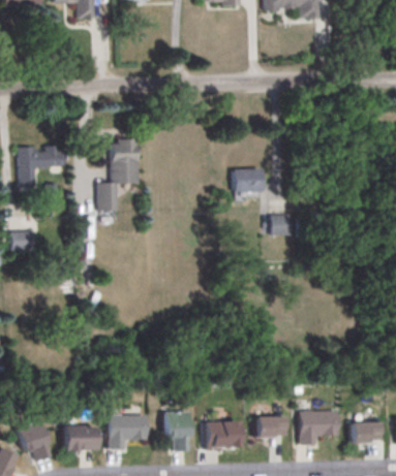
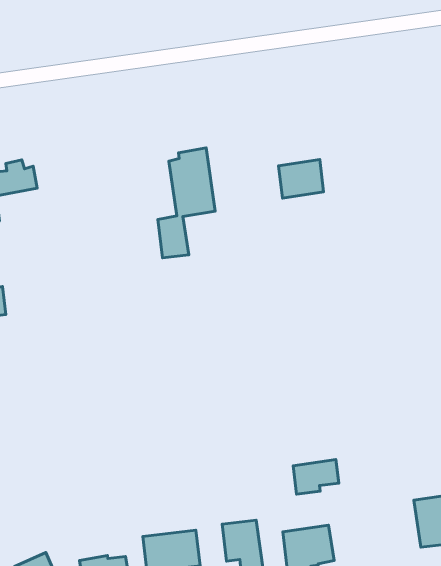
building: [98,137,139,210] -> [158,148,215,258]
building: [272,214,292,234] -> none
building: [257,417,287,438] -> [293,459,339,494]

